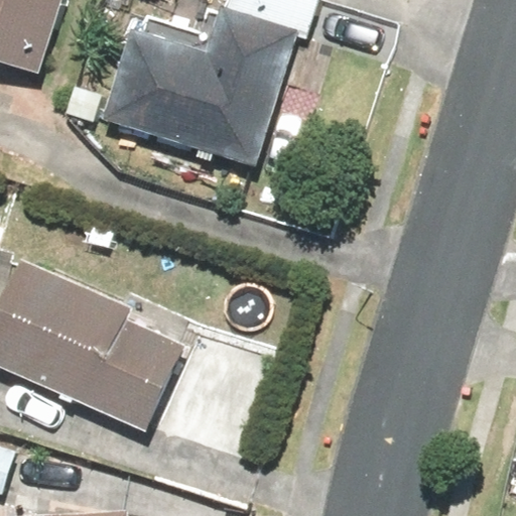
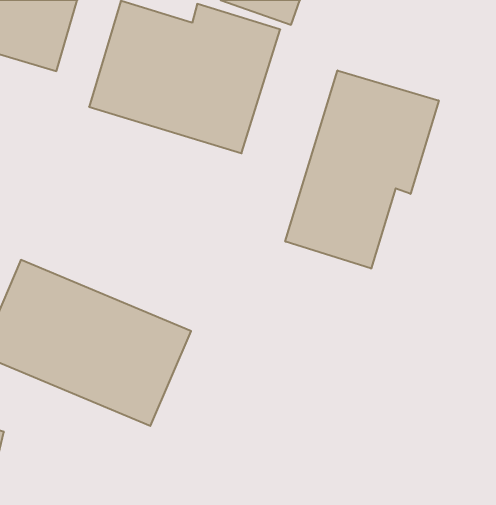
building: none -> [285,70,439,269]

